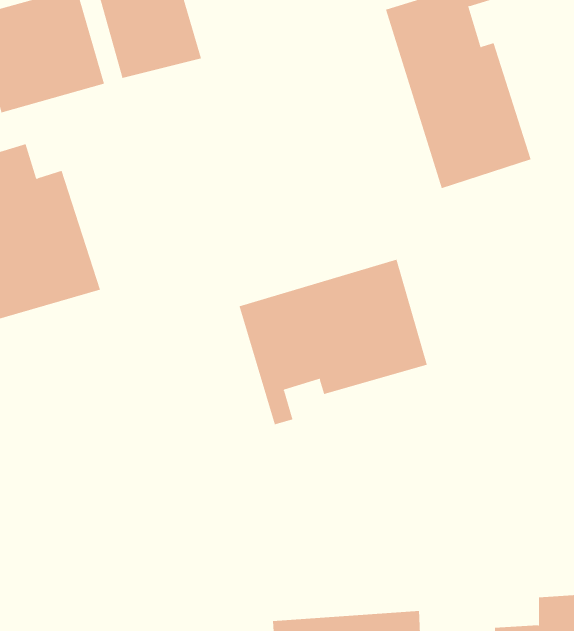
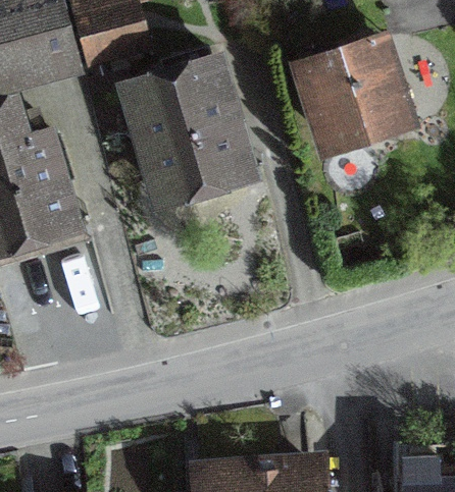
building: none -> [143,50,253,197]
building: [239,259,427,425] -> none

